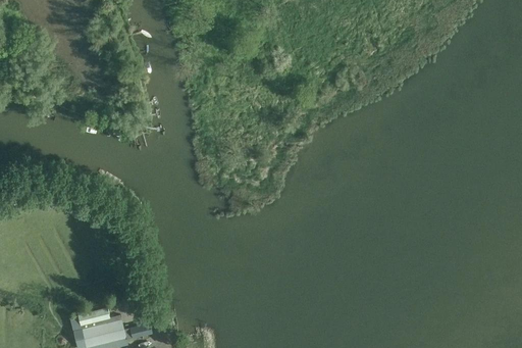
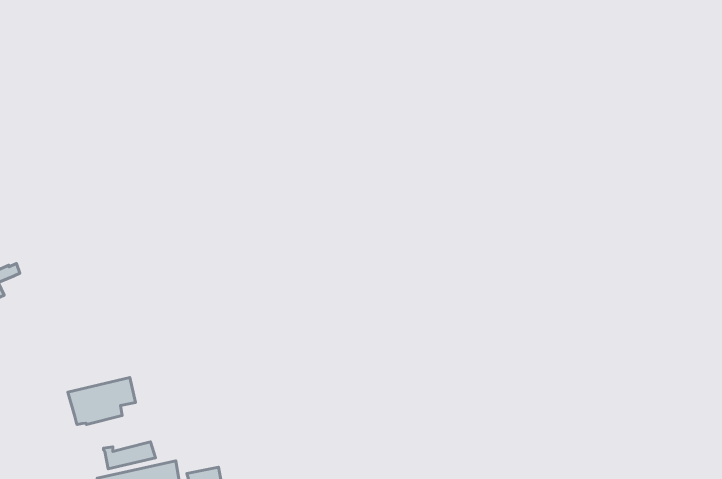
building: none -> [68,378,136,425]

